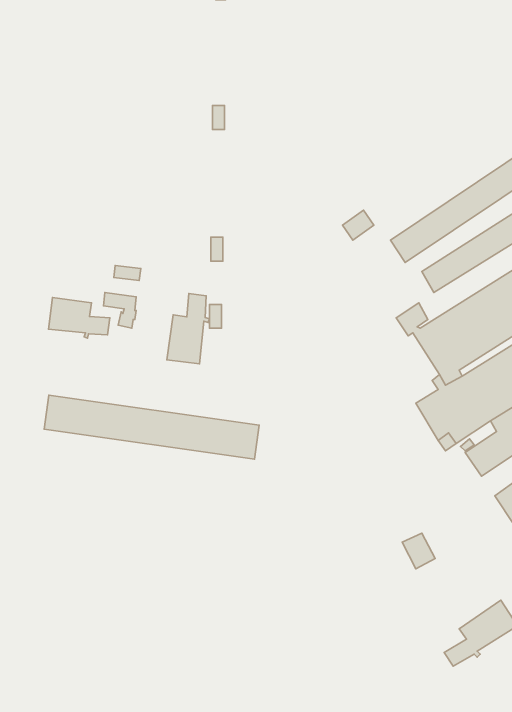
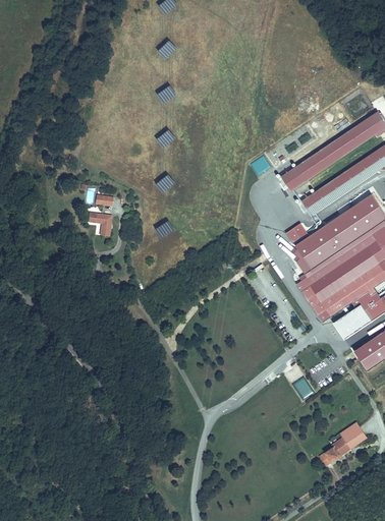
building: [167,293,209,364] -> none
building: [48,297,110,338] -> none
building: [44,395,259,459] -> none

